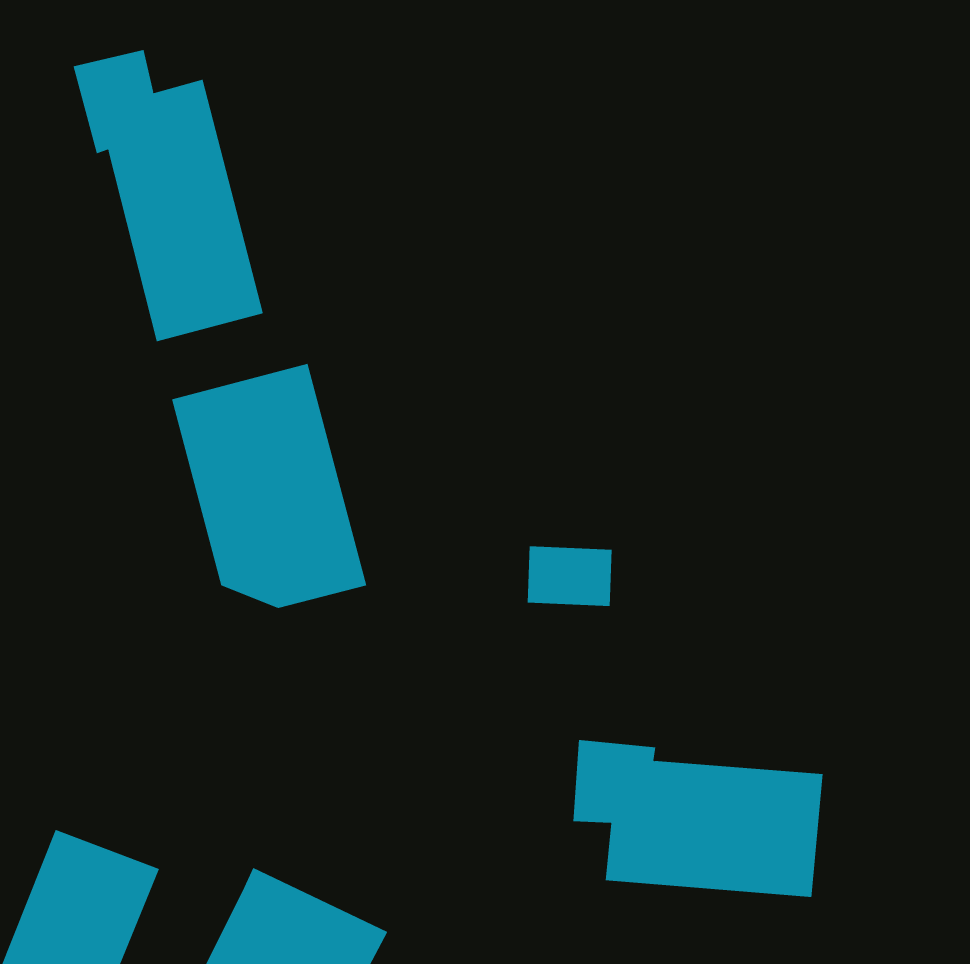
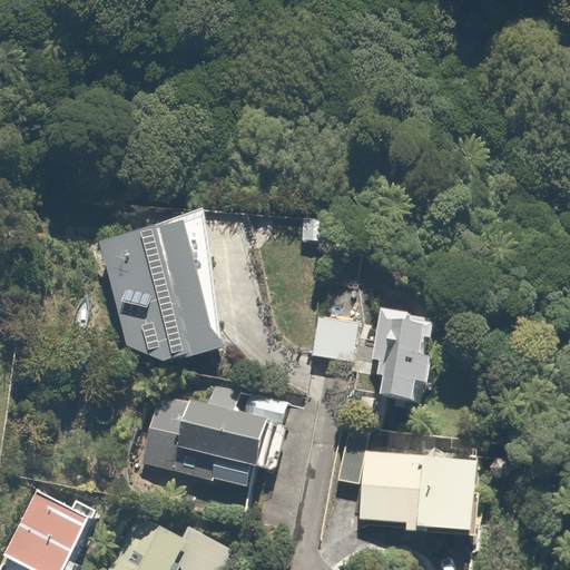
building: [73,49,263,342] -> none
building: none -> [371,311,436,393]
building: none -> [153,404,278,487]

